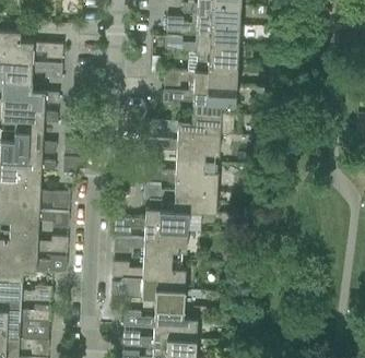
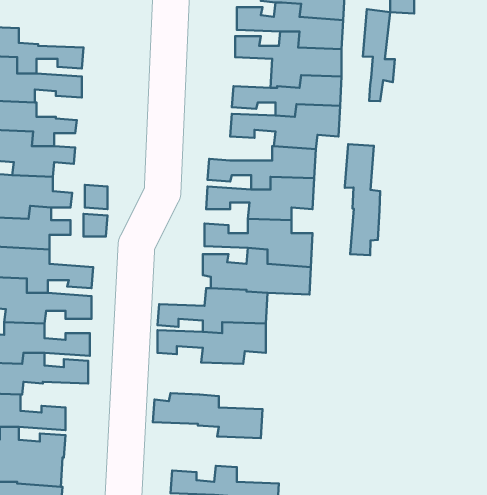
building: none -> [363,9,395,101]
building: none -> [345,144,380,255]
building: [111,259,186,290] -> none
building: [123,309,197,341] -> none

